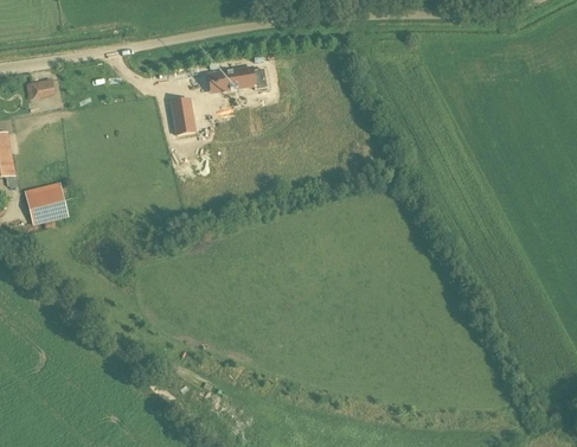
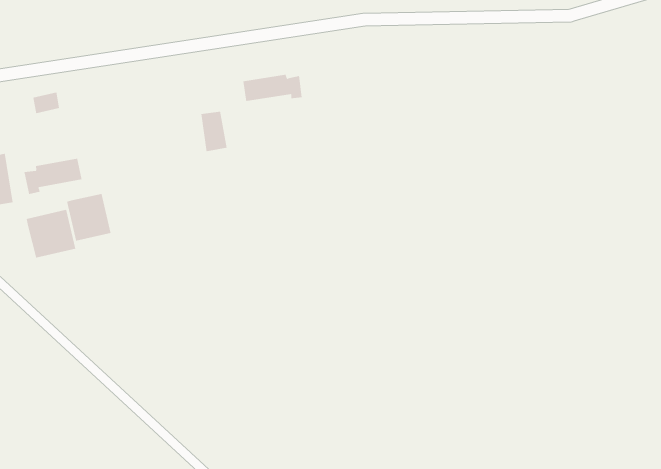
building: none -> [24,158,82,195]
building: none -> [66,193,111,242]

